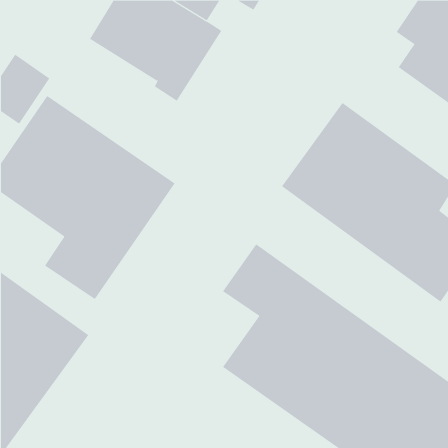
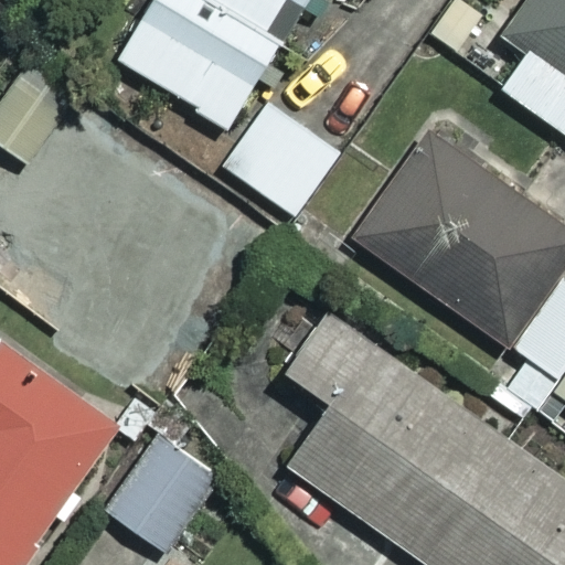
building: none -> [223,103,339,215]
building: none -> [102,433,218,552]

